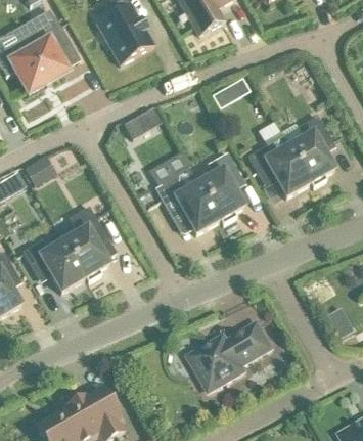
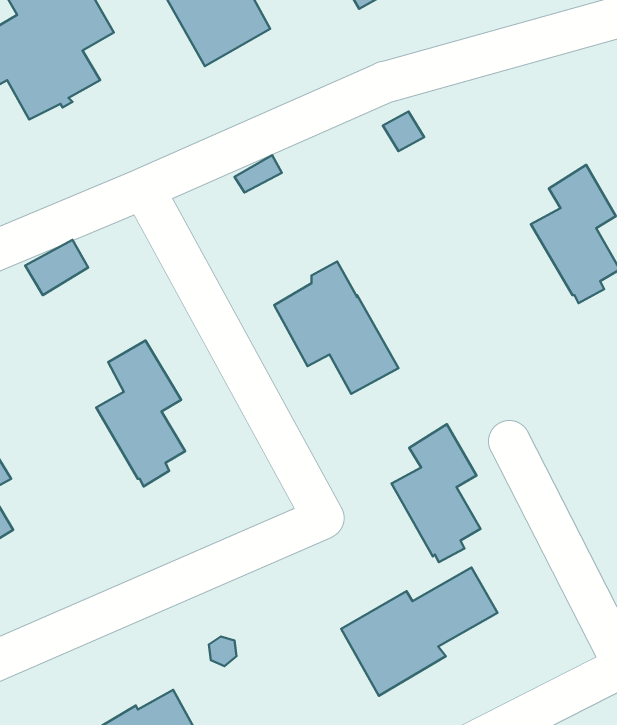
building: [246,131,309,196] -> none
building: [197,151,243,223] -> [391,424,480,562]
building: [21,238,84,292] -> none

